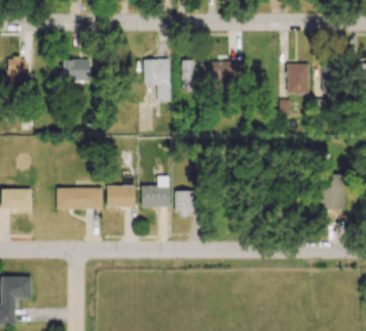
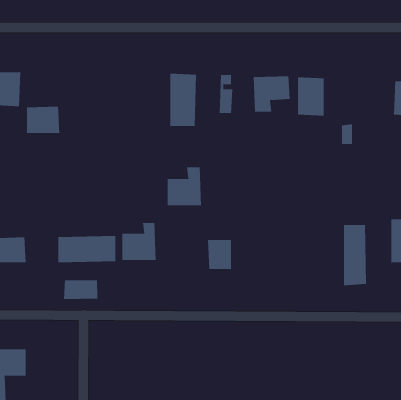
building: [64,59,90,80] -> [26,106,60,133]
building: [288,63,309,94] -> [297,77,325,116]
building: [142,176,170,207] -> [167,167,202,206]
building: none -> [343,224,367,286]
building: none -> [64,279,98,300]

